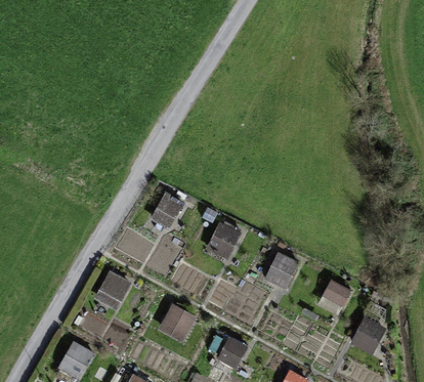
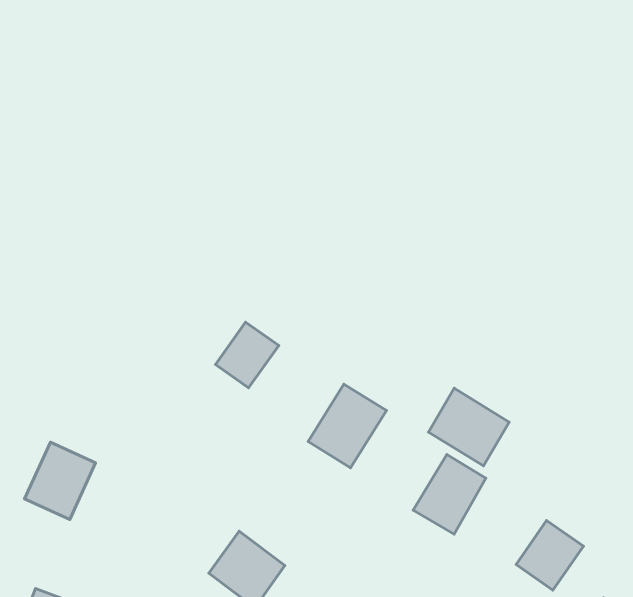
building: none -> [428,388,509,466]
building: [95,271,130,310] -> [25,442,96,519]

